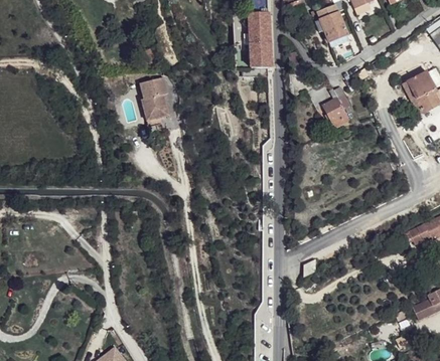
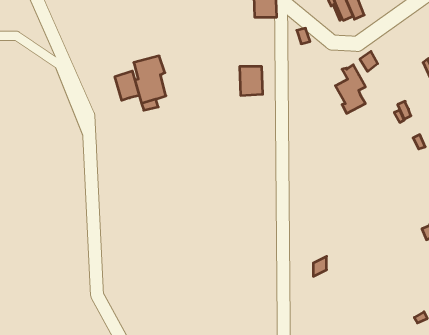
building: [250,42,271,68] -> [240,67,263,95]
building: none -> [115,71,139,100]

